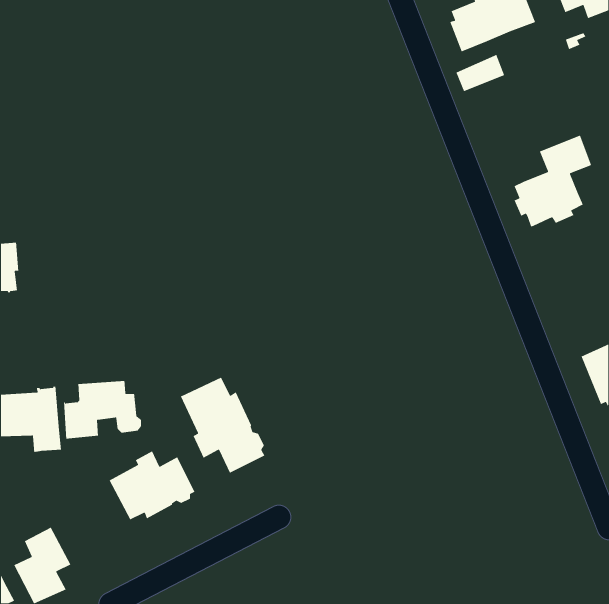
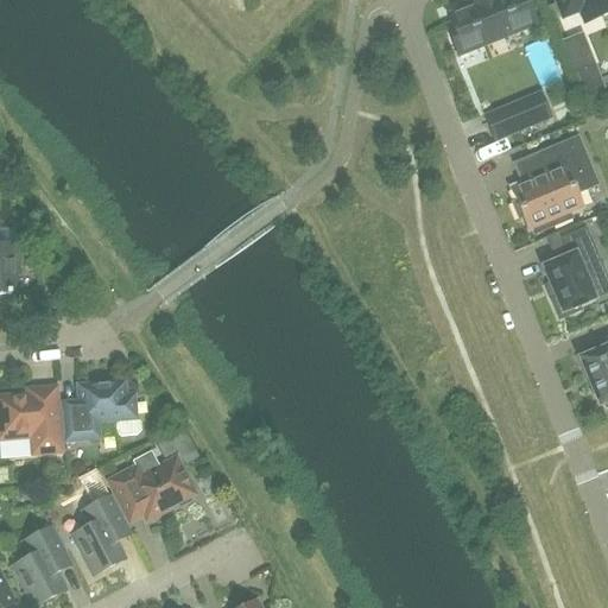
building: [455,54,505,92] -> [487,100,537,138]
building: none -> [543,224,601,317]
building: [180,377,265,474] -> none
building: none -> [72,494,129,572]

